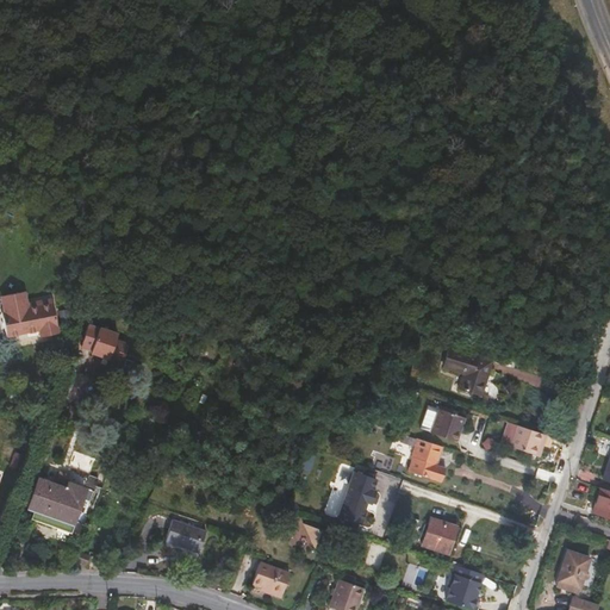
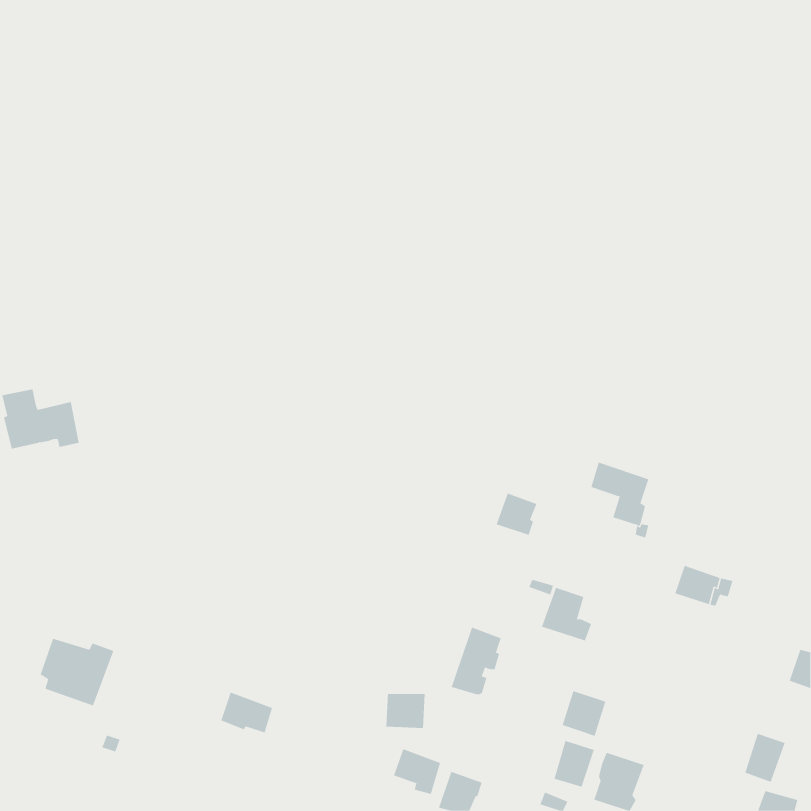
building: [81,324,126,361] -> none
building: [429,409,460,441] -> [496,493,537,536]
building: none -> [554,740,595,788]
building: [253,562,288,597] -> [393,749,441,795]

